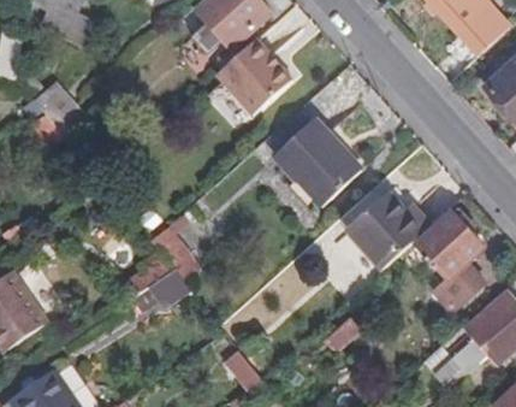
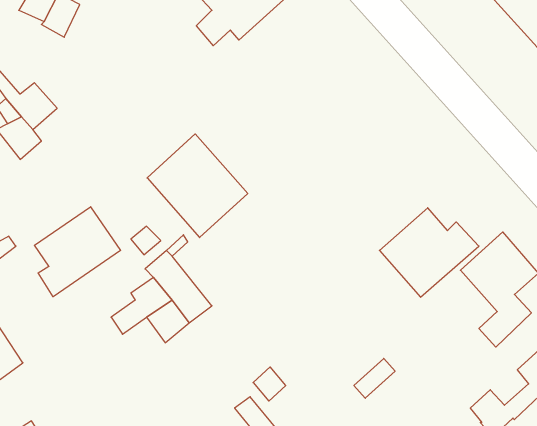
building: [214,37,290,113] -> none
building: [275,118,361,206] -> [147,134,248,238]
building: none -> [34,207,121,297]

